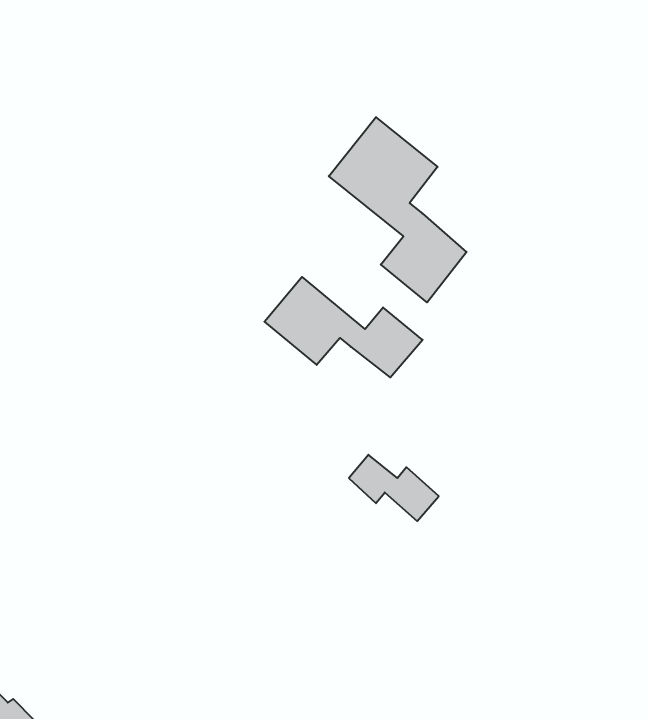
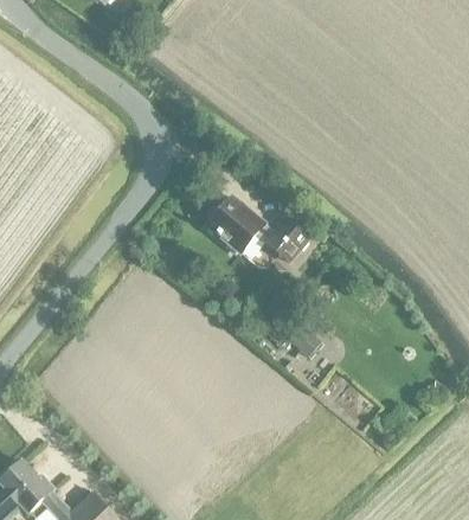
building: [329,117,467,302] -> none

